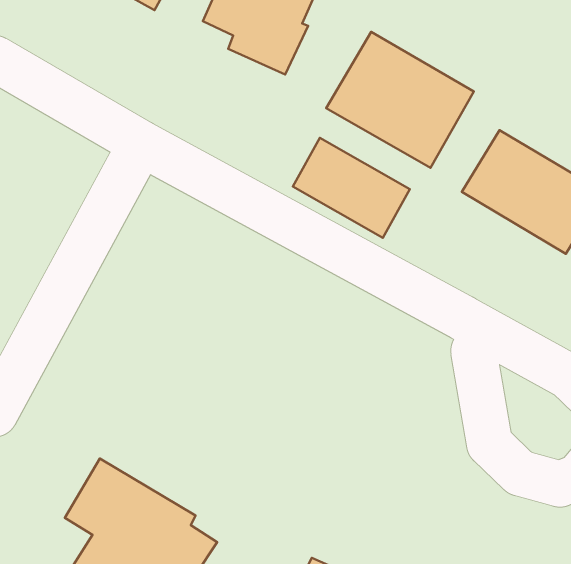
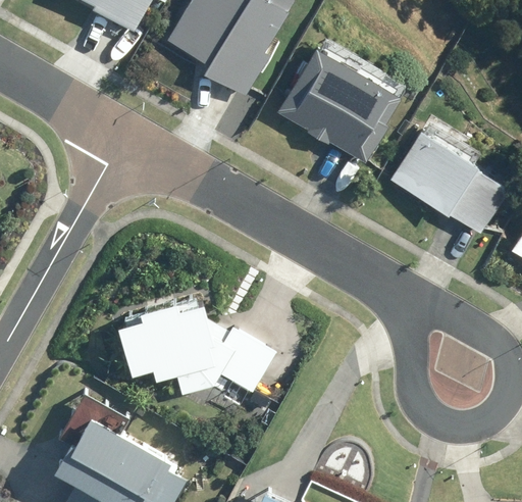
building: [293,138,410,238] -> none
building: none -> [118,301,275,394]

